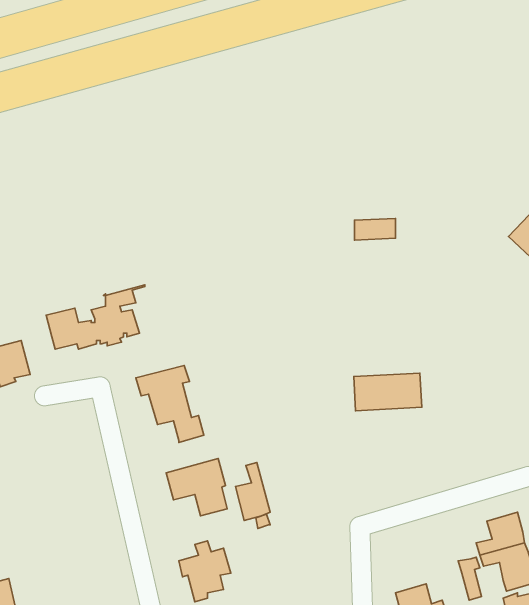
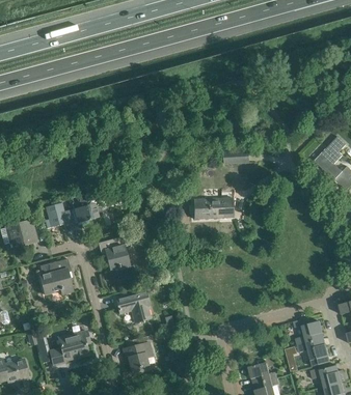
building: [354,373,422,411] -> [193,197,233,219]
building: none -> [39,258,73,294]
building: [236,463,270,521] -> none
building: none -> [35,331,89,365]

